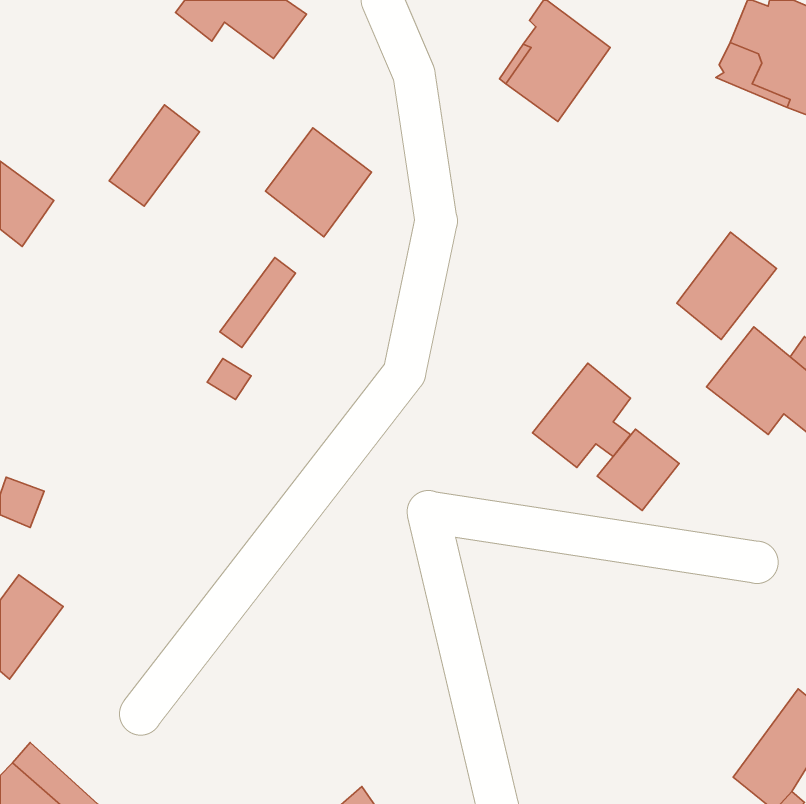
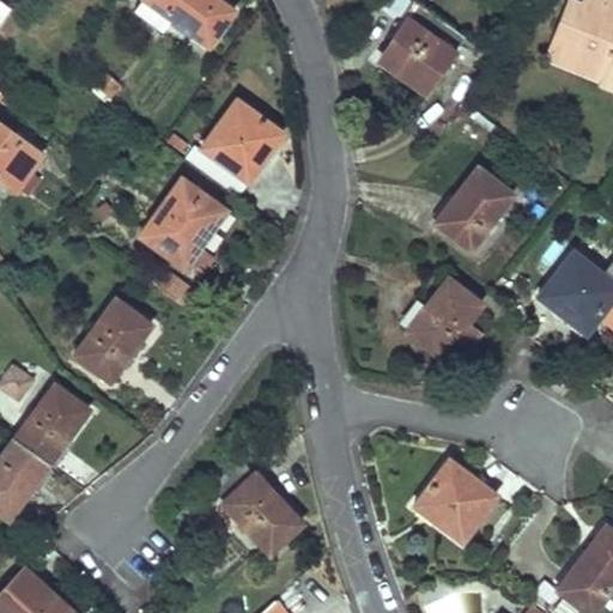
building: [109,105,199,206] -> [141,177,210,254]
building: [677,232,776,339] -> [436,169,511,250]
building: none -> [77,299,150,378]
building: [597,429,679,510] -> none
building: none -> [16,384,89,462]
building: none -> [414,460,496,540]
building: none -> [223,473,302,553]

